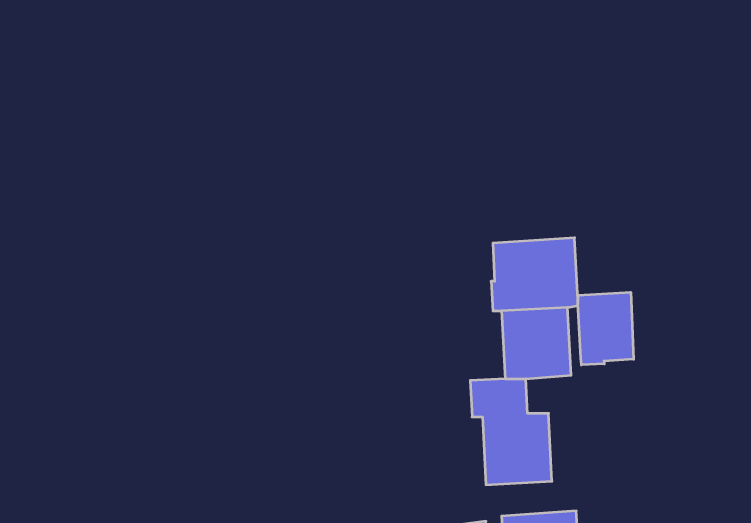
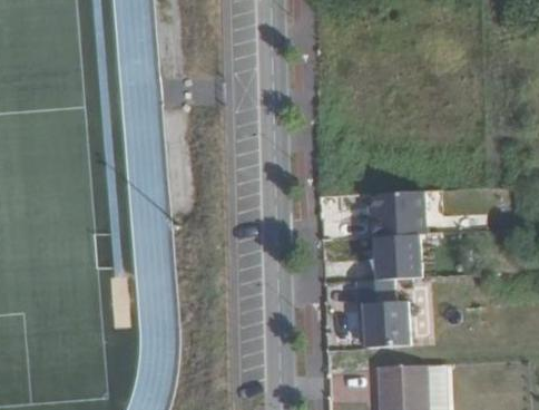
building: [578,292,634,365] -> none

